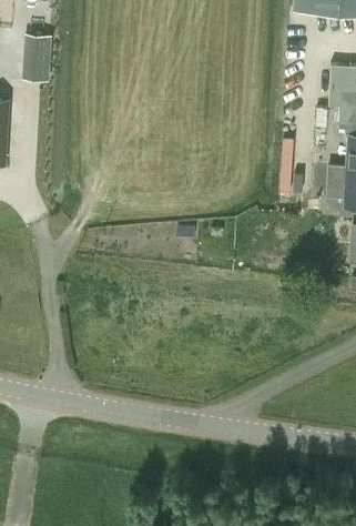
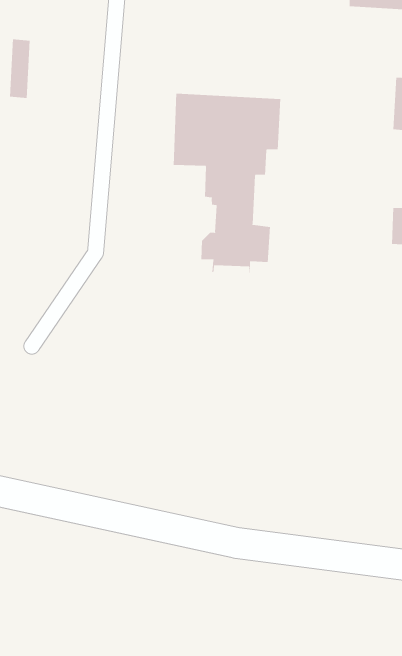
building: none -> [173,93,281,275]

